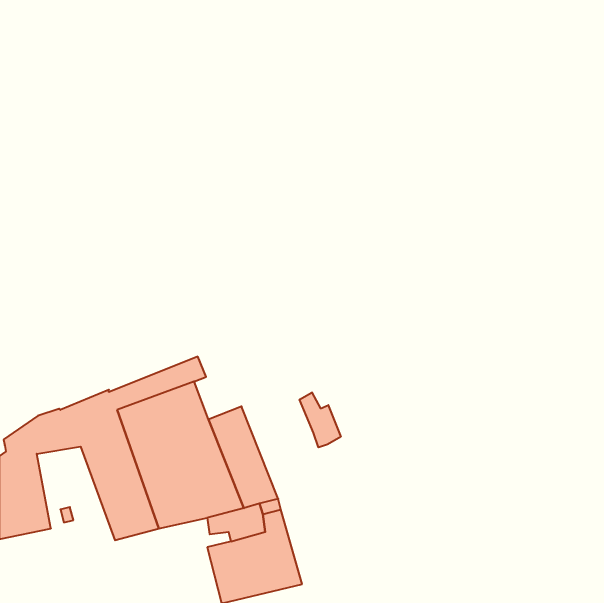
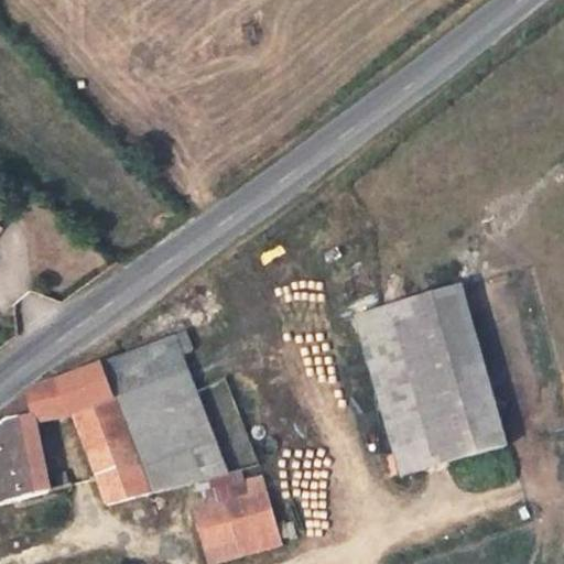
building: none -> [357,288,506,474]
building: [300,392,341,447] -> none

